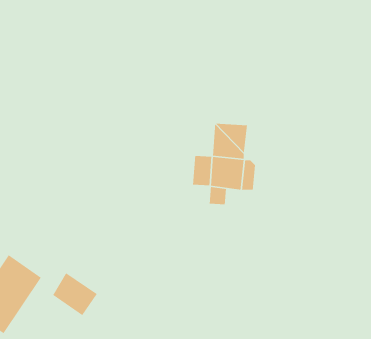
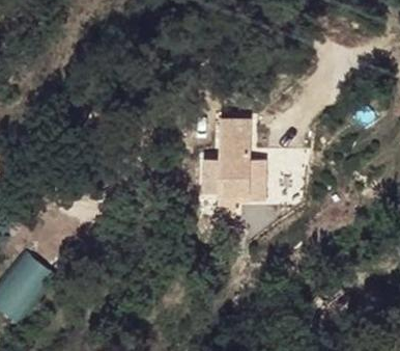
building: [52,272,98,316] -> none

